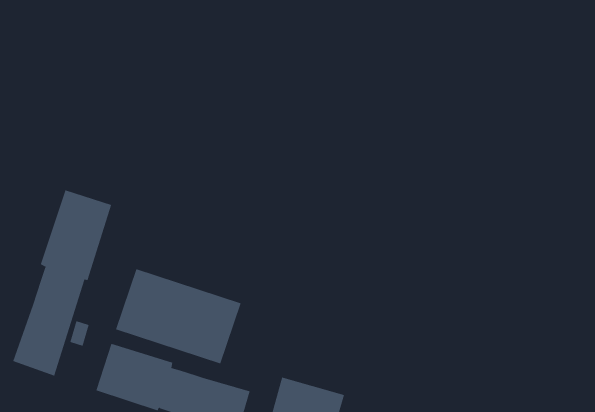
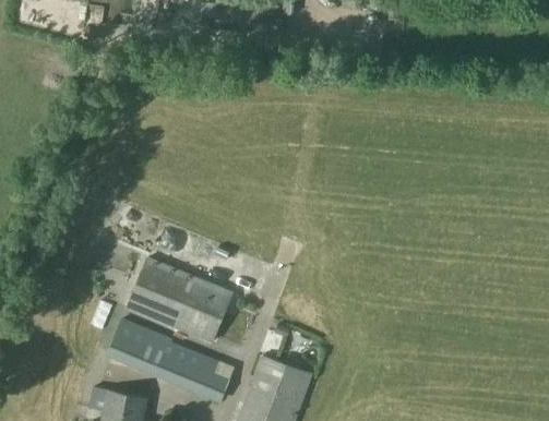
building: [13,189,112,376] -> none

